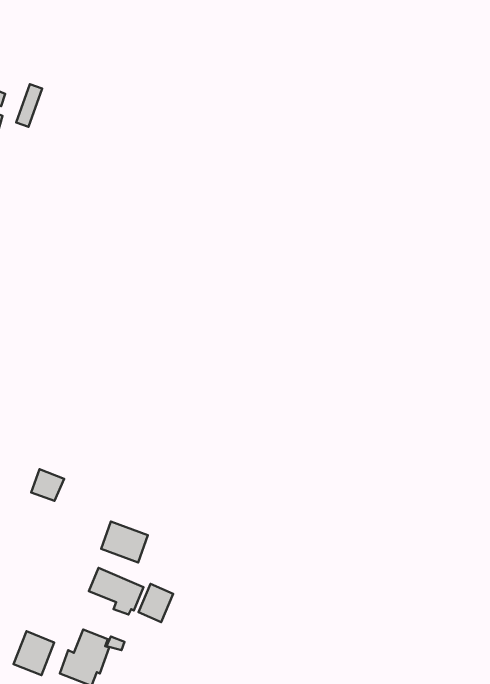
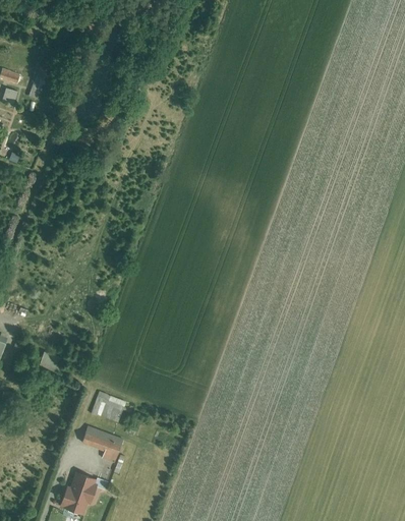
building: [139,584,173,622] -> none
building: [14,631,54,675] -> none

